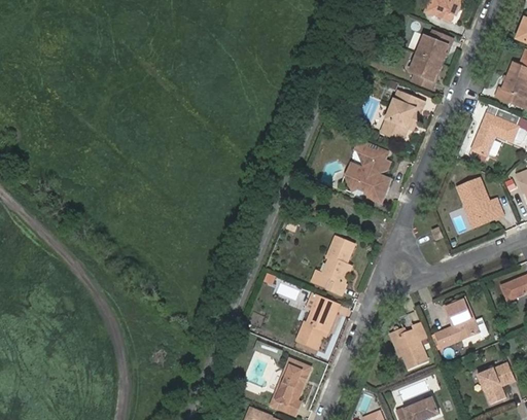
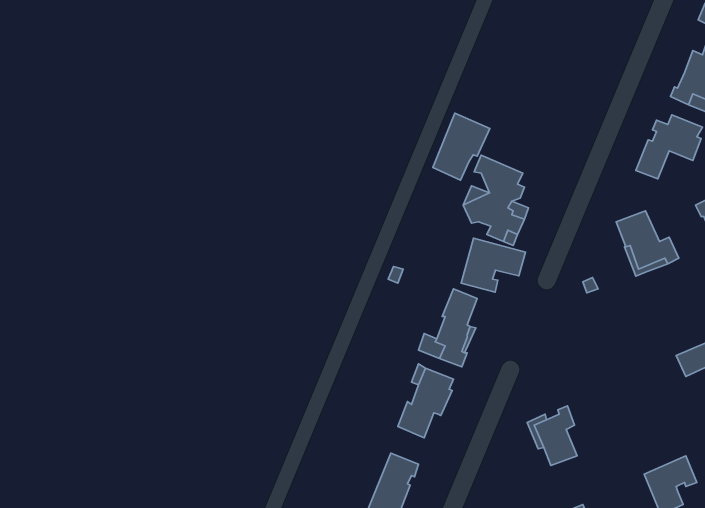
building: [411,31,452,89] -> none
building: [380,91,422,140] -> [433,113,490,180]
building: none -> [461,238,526,292]
building: [435,299,479,348] -> none

